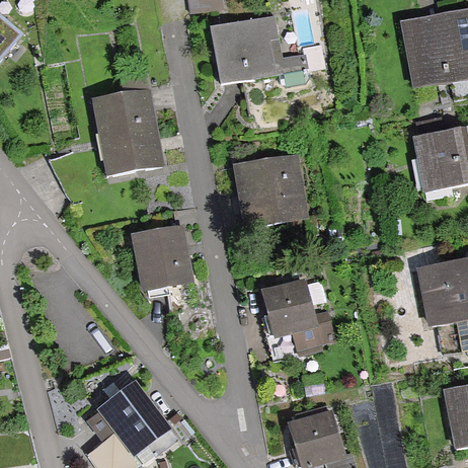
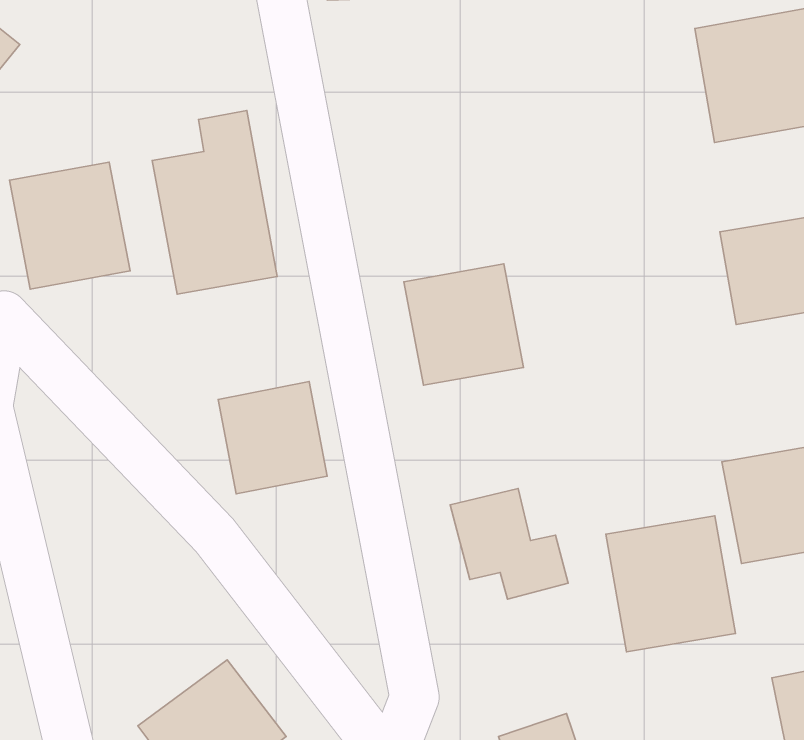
building: [209,16,301,84] -> none
building: none -> [9,162,130,289]
building: none -> [606,516,735,652]

